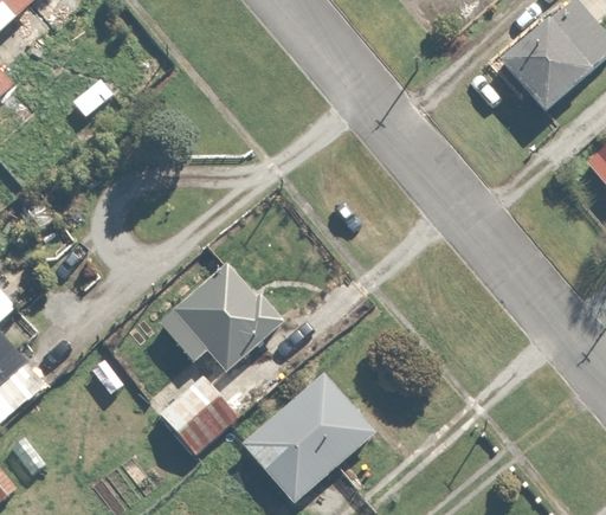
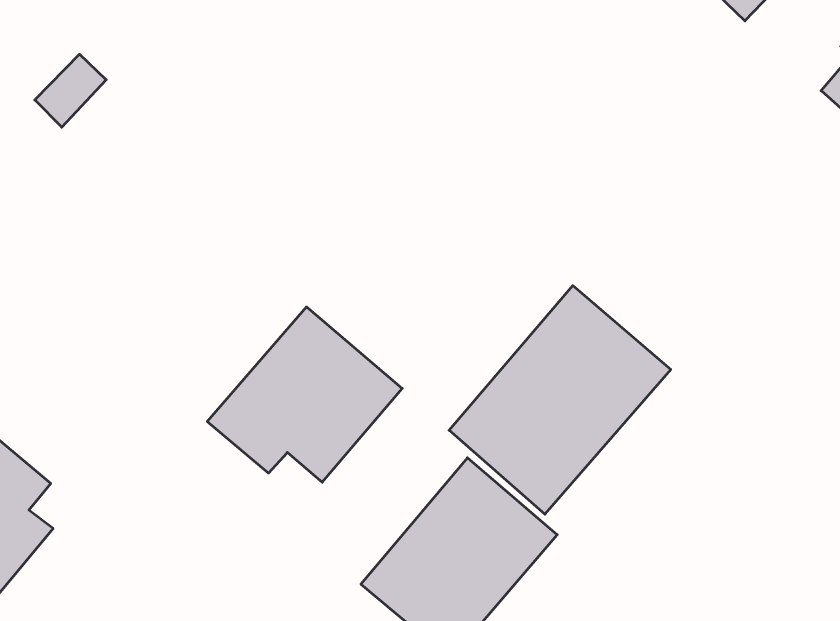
building: none -> [449,286,671,514]
building: [159,379,237,456] -> none

